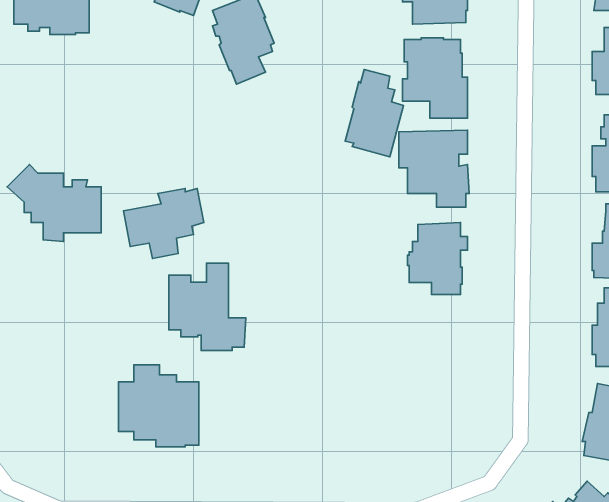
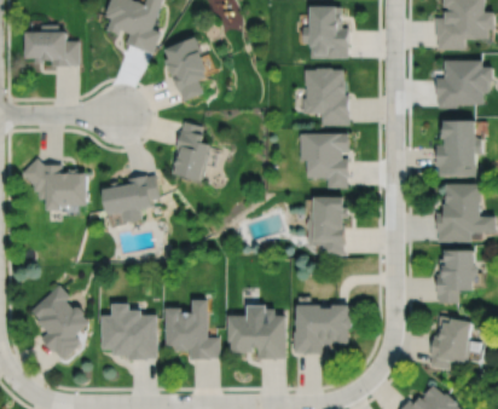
building: [345,69,403,157] -> [172,122,213,184]
building: [169,263,246,350] -> [166,296,220,358]
building: none -> [30,282,88,357]
building: none -> [291,301,349,352]
building: none -> [227,305,284,358]

